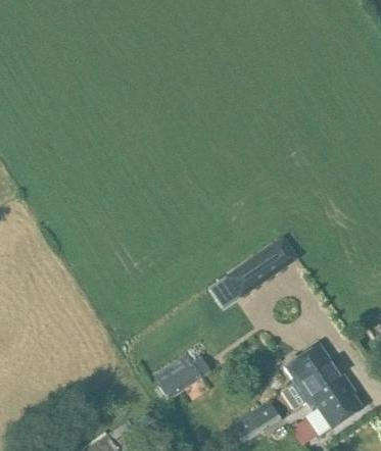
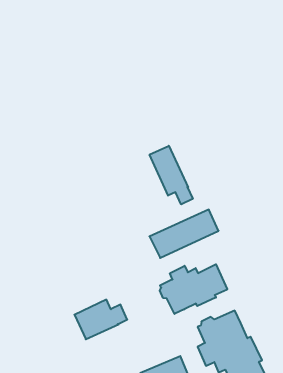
building: none -> [150,146,193,204]
building: none -> [160,264,227,314]

